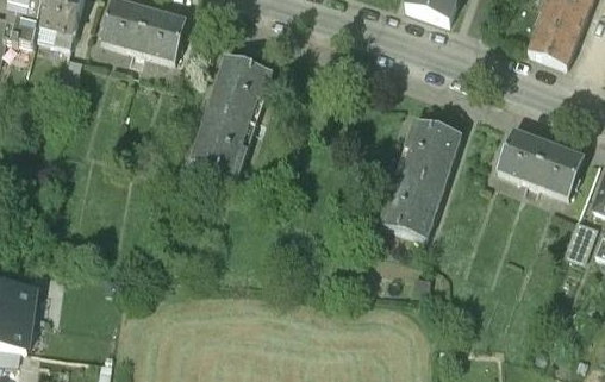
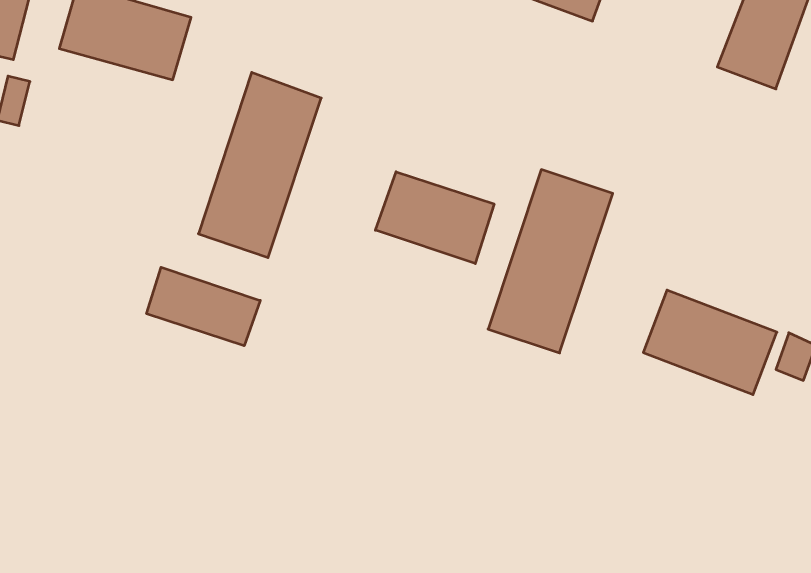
building: none -> [375,172,494,264]
building: [498,126,585,194] -> [643,290,777,395]
building: none -> [147,267,260,346]

